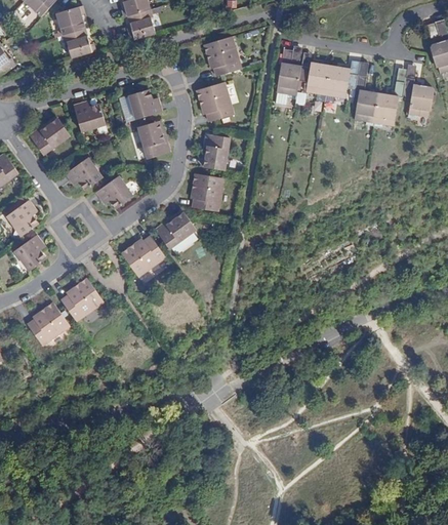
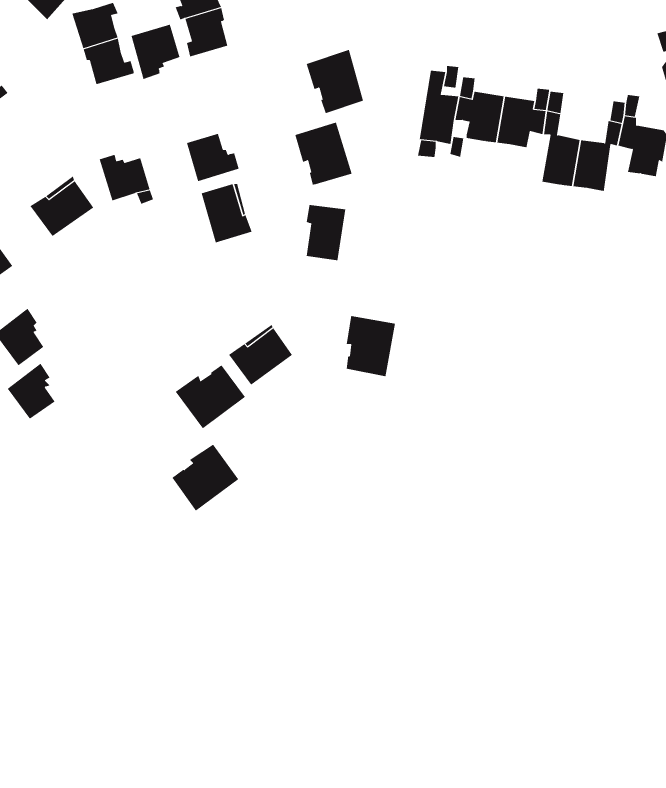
building: none -> [131,24,180,80]
building: [66,157,103,189] -> none
building: [192,172,223,211] -> [346,316,396,377]
building: [96,175,133,207] -> none
building: [60,278,104,321] -> [171,444,239,512]
building: [27,301,70,345] -> none

